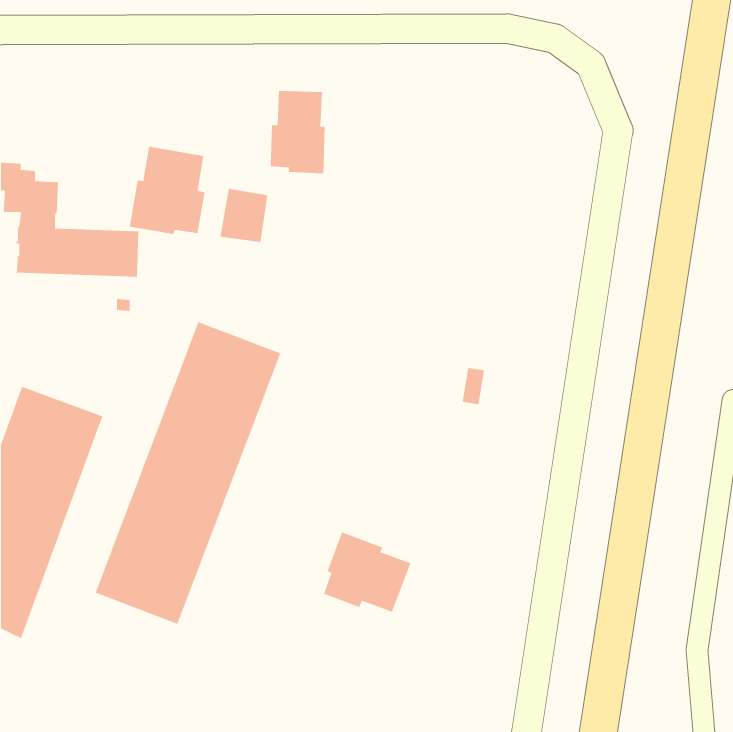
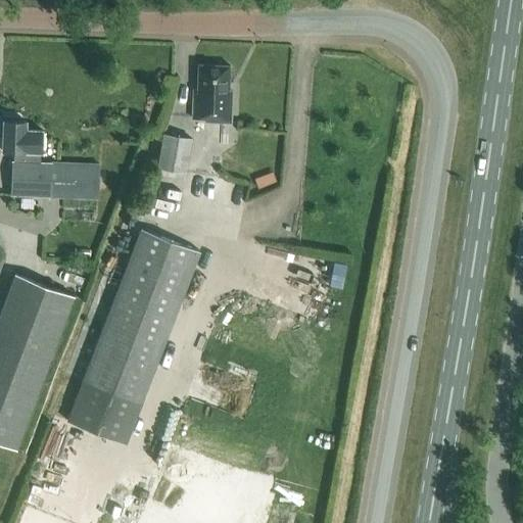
building: [129,146,205,235] -> none
building: [323,531,411,613] -> none

